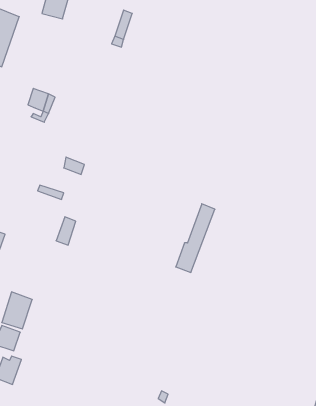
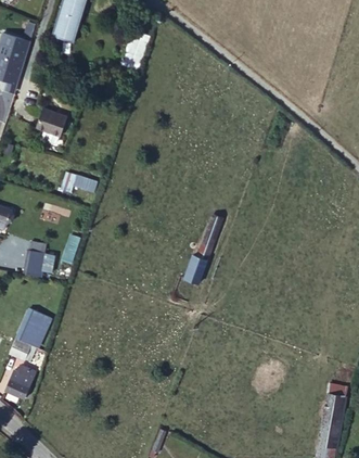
building: none -> [29,245,54,282]

